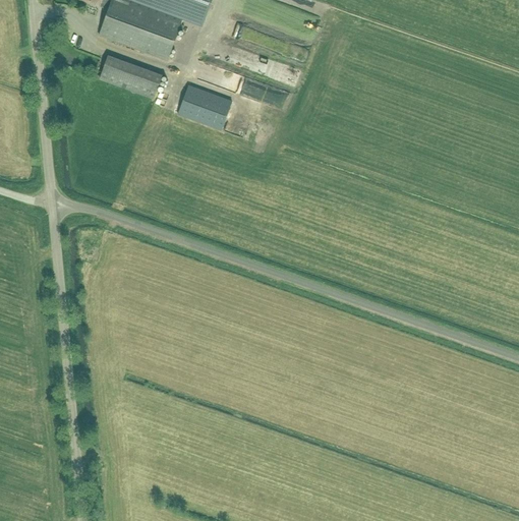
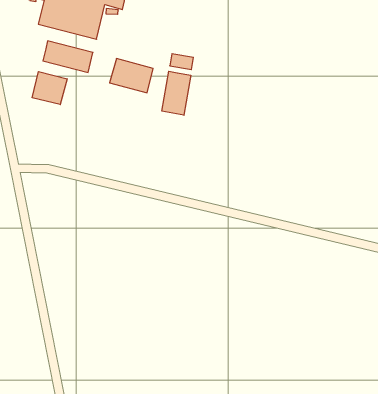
building: none -> [32,72,67,105]
building: none -> [162,71,191,115]

